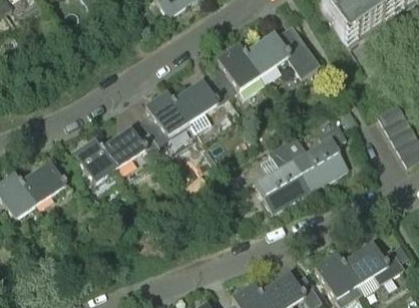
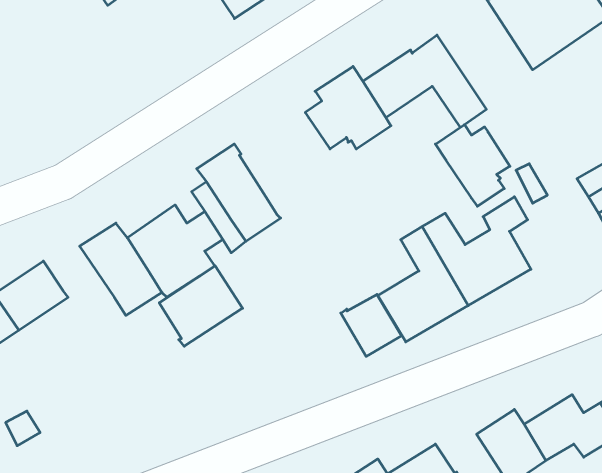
building: [170,74,227,133] -> none
building: none -> [435,125,510,206]
building: none -> [159,266,243,346]
building: none -> [341,294,402,356]

